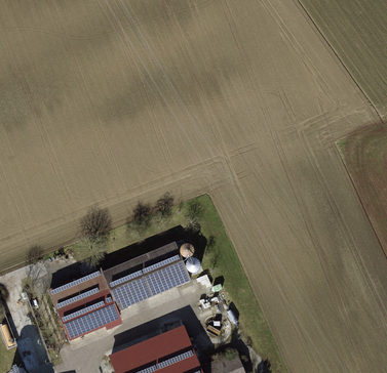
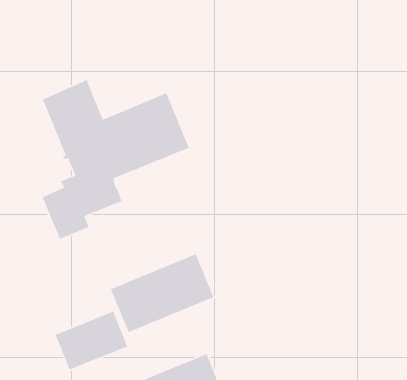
building: none -> [42,79,190,240]
building: [49,275,104,310] -> none

